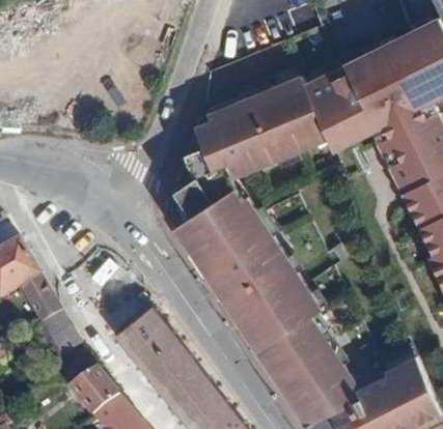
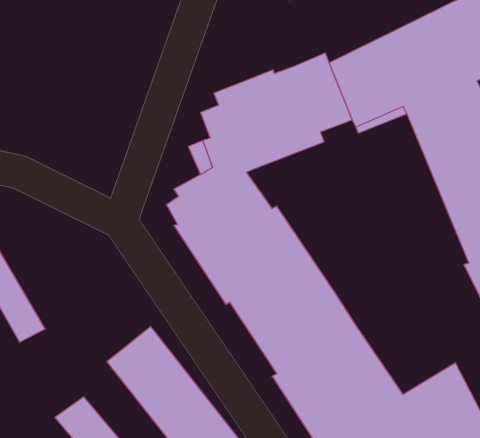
building: [31,310,81,360] -> none

